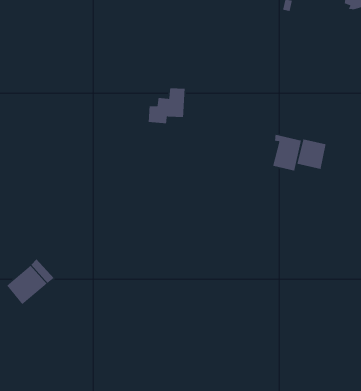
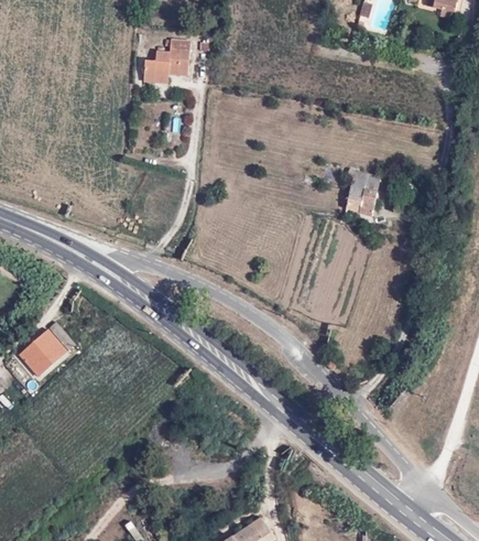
building: [148,87,186,124] -> [143,39,189,84]
building: [296,138,327,170] -> none

